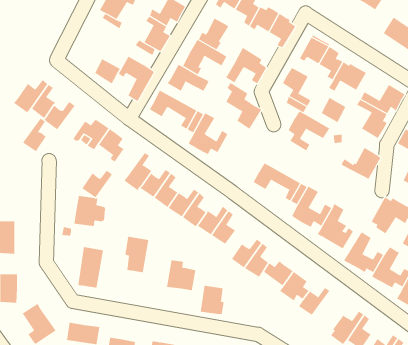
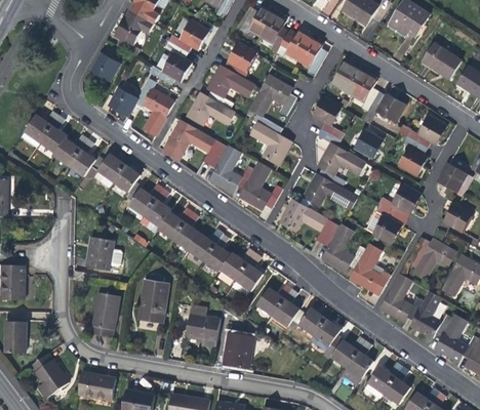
building: none -> [90,52,120,82]
building: [22,118,47,152] -> [69,139,95,176]
building: none -> [240,164,282,209]
building: none -> [305,175,350,205]
building: none -> [372,205,407,244]
building: [82,170,113,198] -> [129,184,163,215]
building: none -> [346,340,373,378]

